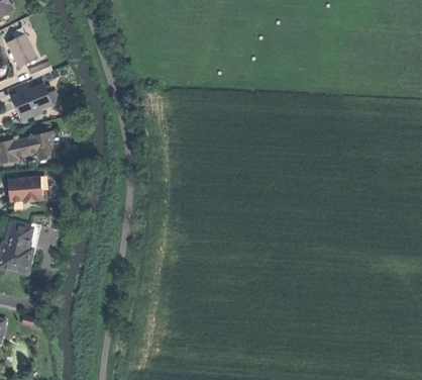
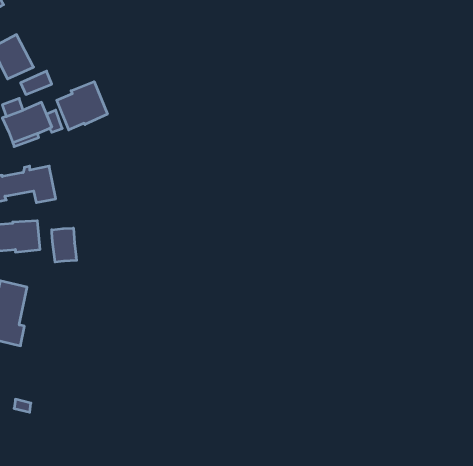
building: none -> [57,82,107,130]
building: none -> [52,228,77,262]

